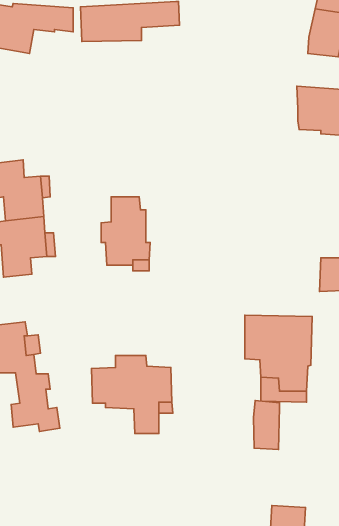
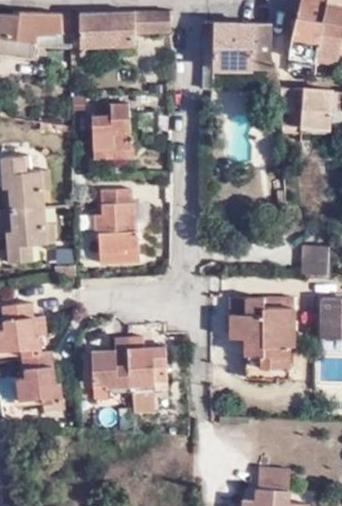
building: none -> [210,22,277,78]
building: none -> [100,103,141,158]
building: [254,401,280,449] -> none

